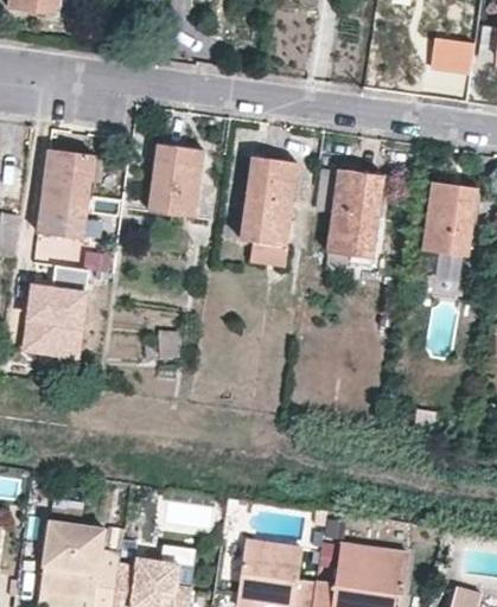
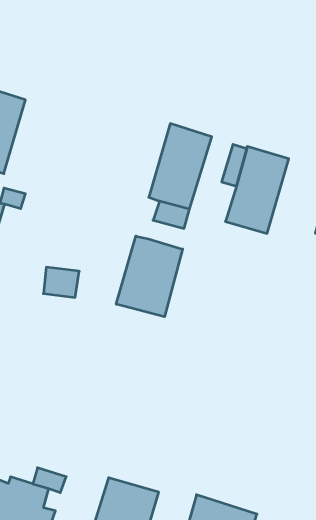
building: [149,143,204,217] -> none
building: none -> [116,236,183,317]

